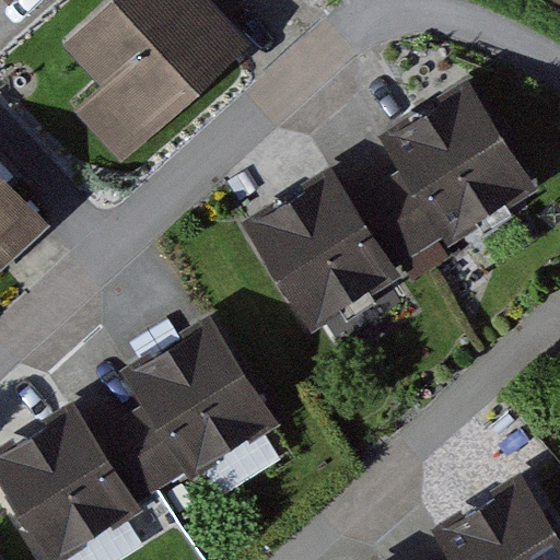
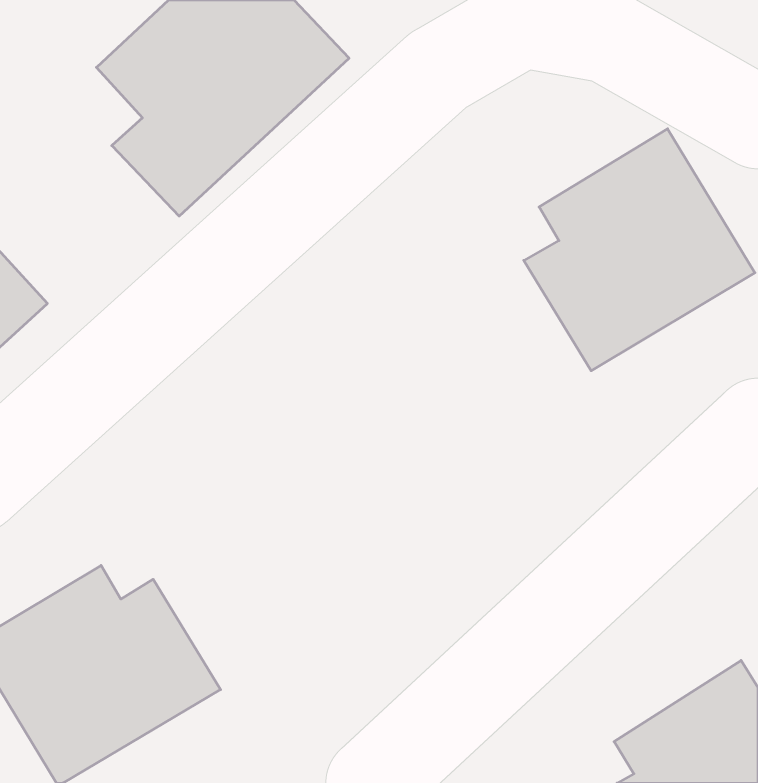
building: [245,176,422,335] -> none
building: [109,319,275,492] -> none

